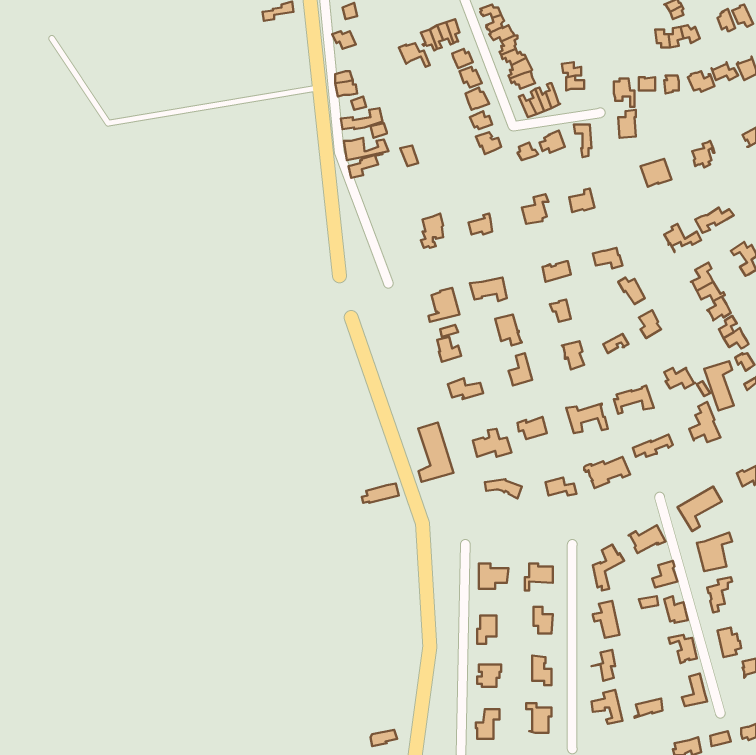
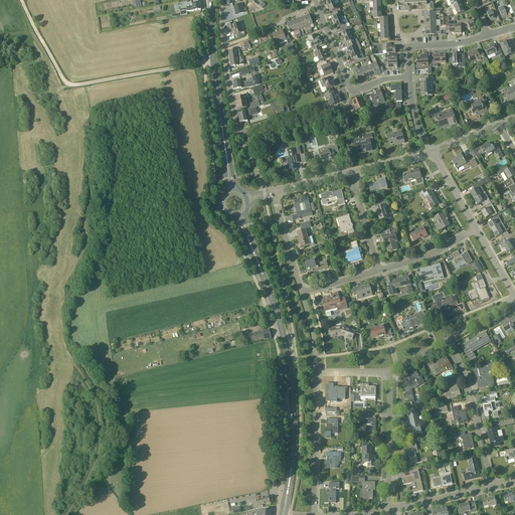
building: [704,361,734,410] -> none
building: [418,422,454,482] -> none

